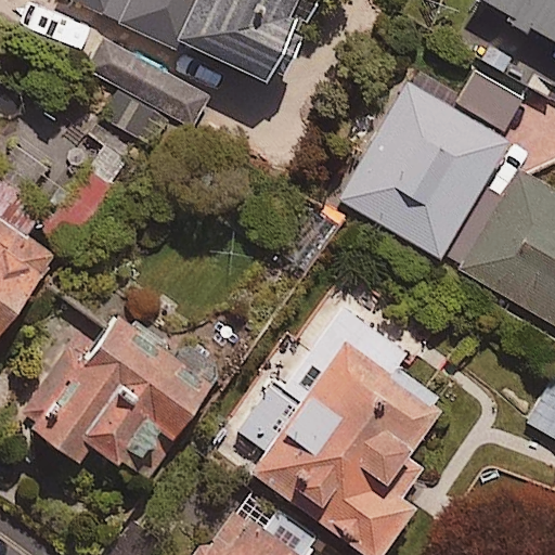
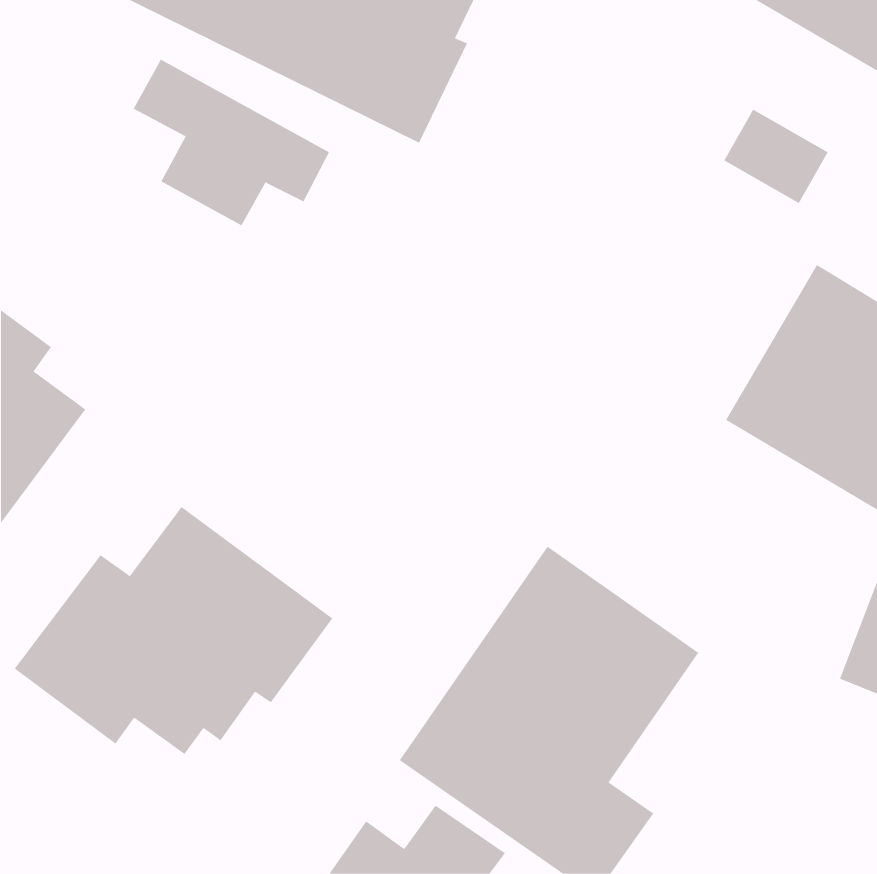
building: [338,80,508,258] -> none

